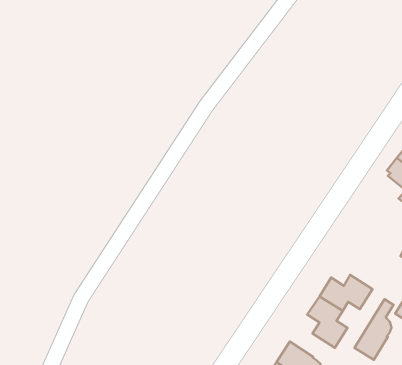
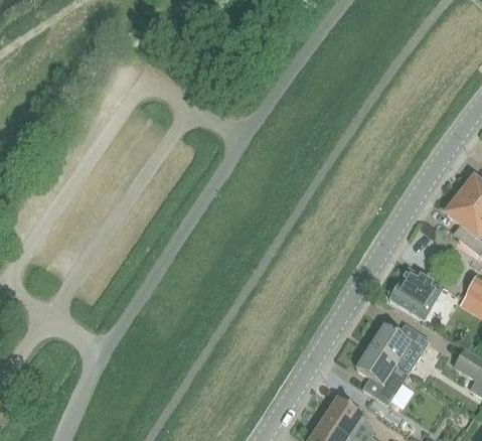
building: none -> [389,268,442,318]
building: [355,299,394,360] -> none

